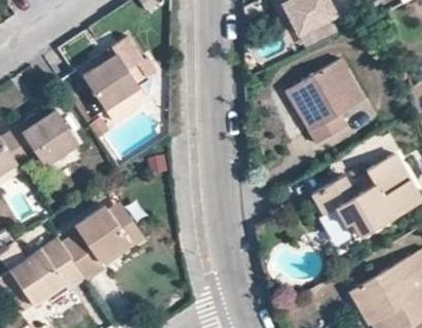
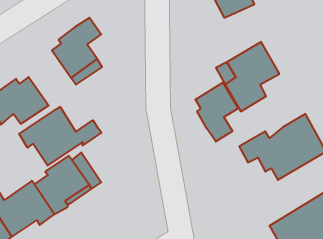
building: none -> [195,82,238,142]
building: none -> [19,107,101,166]

